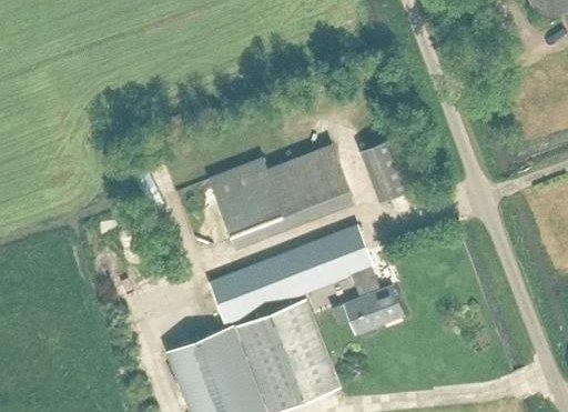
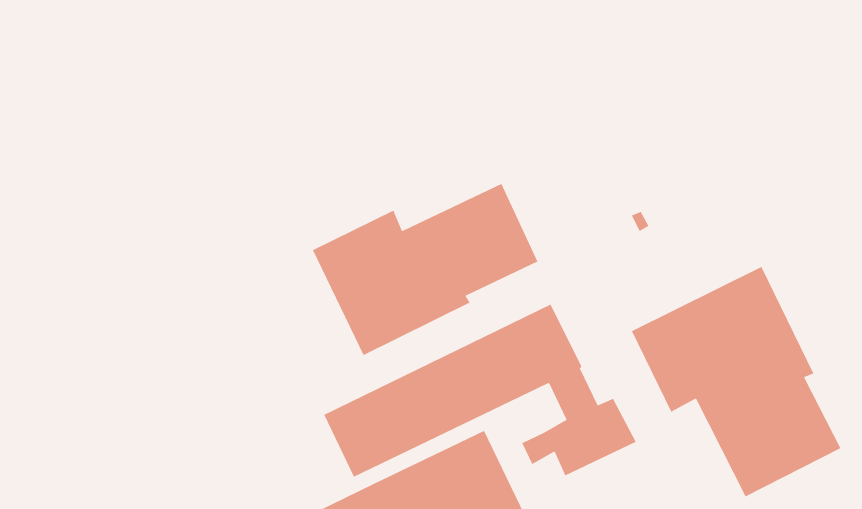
building: [357,138,413,204] -> none
building: none -> [631,266,841,498]

